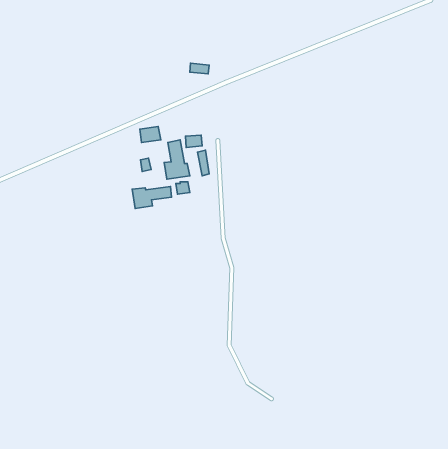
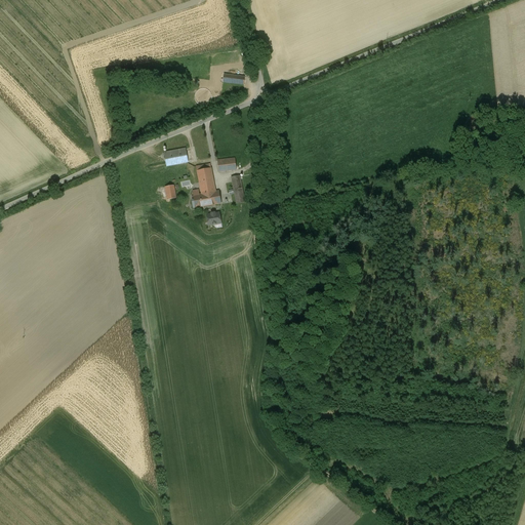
building: [132,187,172,209] -> none

